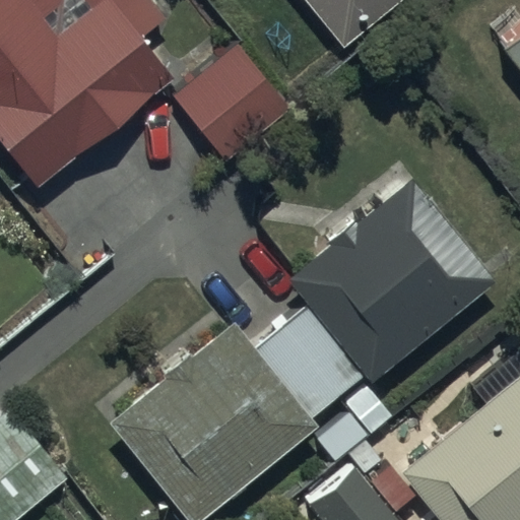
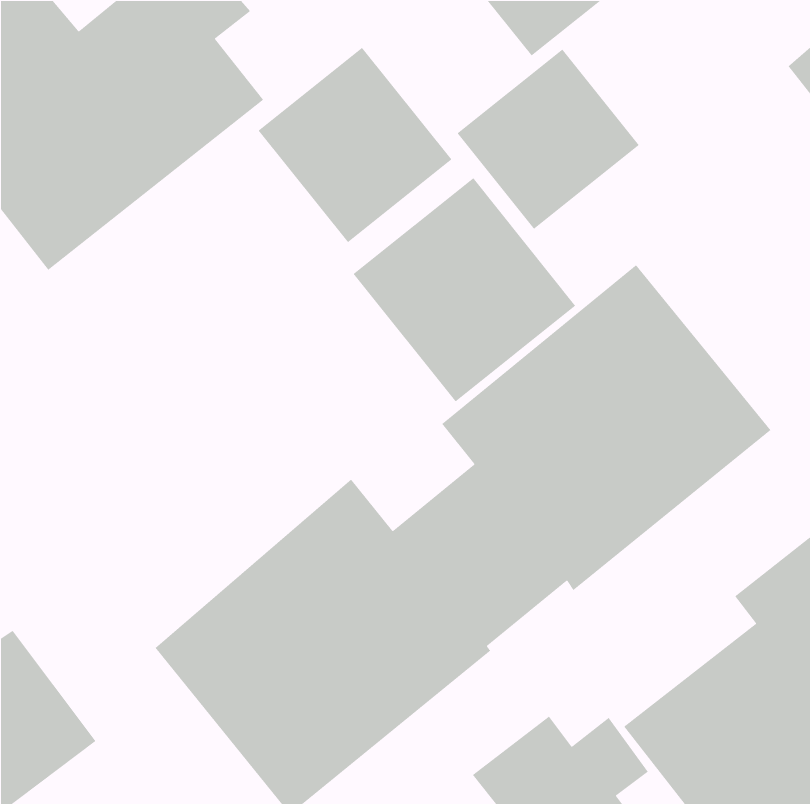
building: none -> [456,48,640,230]
building: none -> [353,177,576,402]

